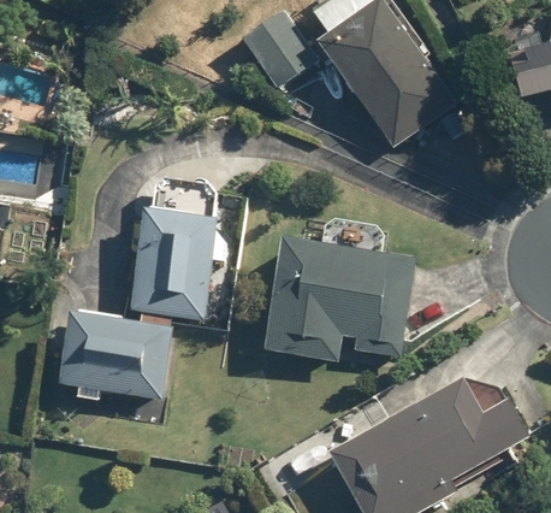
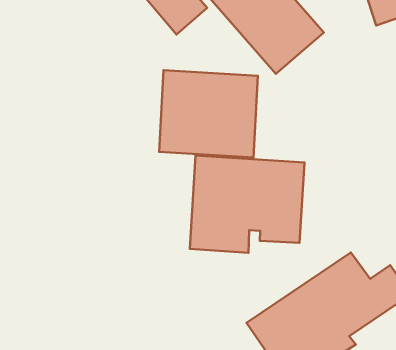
building: none -> [159,70,258,157]
building: [59,208,218,399] -> none

